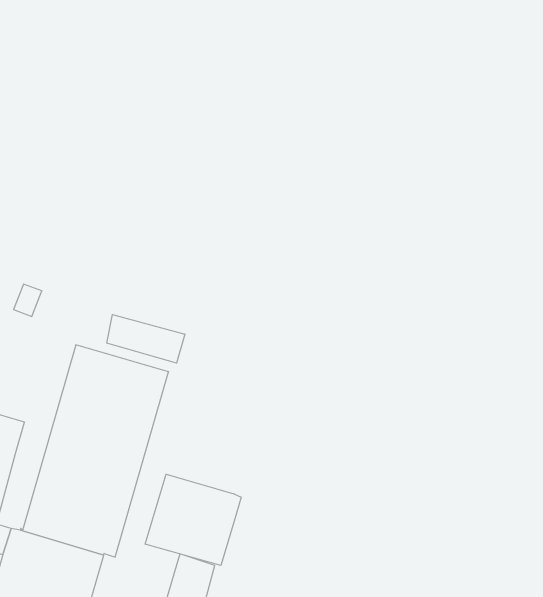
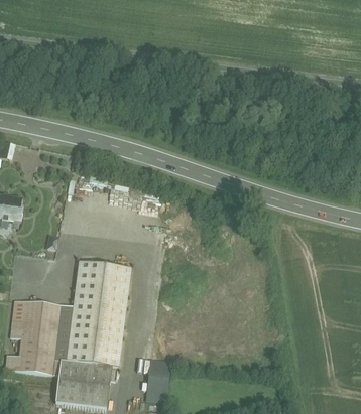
building: [107,315,185,363] -> none
building: [145,474,241,565] -> none

